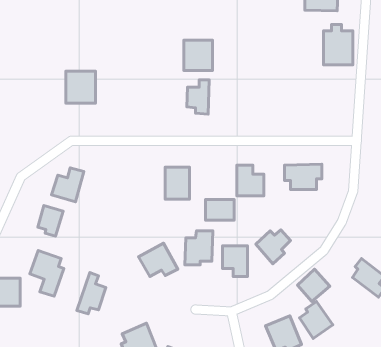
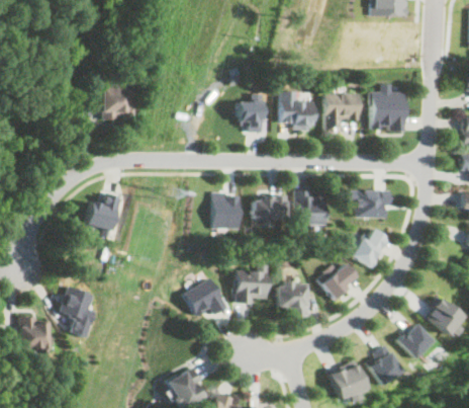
building: [323,25,353,65] -> [372,84,405,130]
building: [184,40,212,71] -> [281,92,313,127]
building: none -> [325,94,360,133]
building: none -> [347,229,389,267]
building: [205,199,234,220] -> [254,195,286,219]
building: [38,206,63,236] -> none
building: [298,269,330,301] -> [397,322,434,358]
building: [77,272,106,314] -> none

